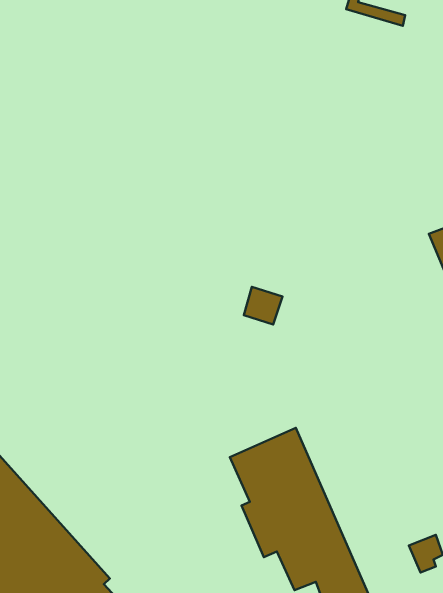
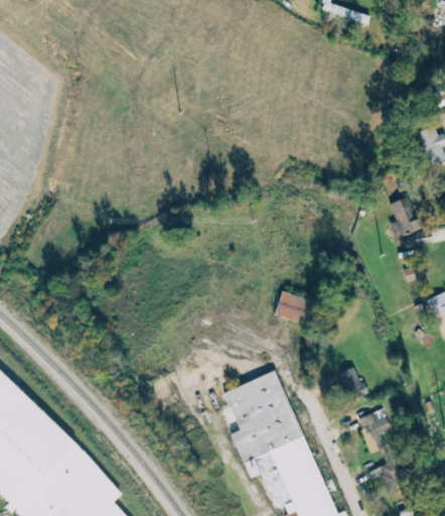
building: [244,287,283,325] -> [273,291,306,324]
building: none -> [340,366,365,399]
building: none -> [357,409,390,453]

